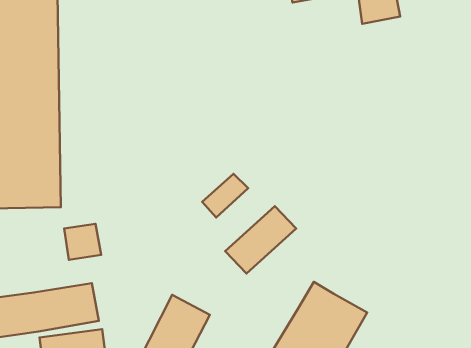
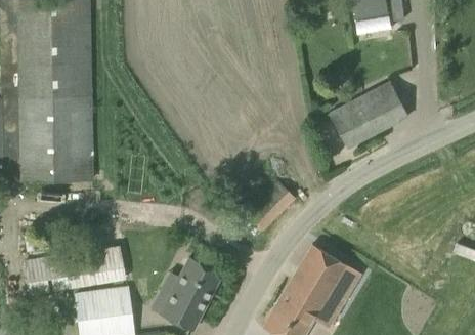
building: none -> [330,86,407,148]
building: [202,174,248,217] -> none
building: [64,224,101,260] -> none

